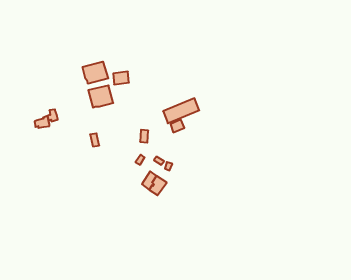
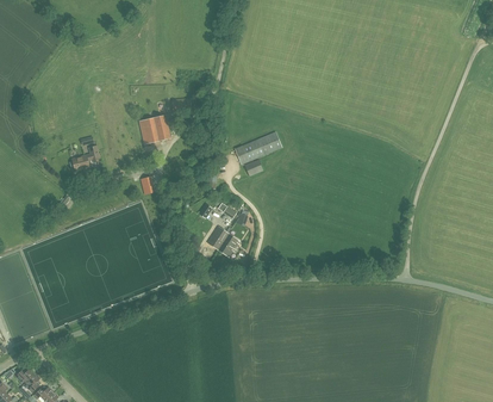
building: [83,62,108,84] -> none

